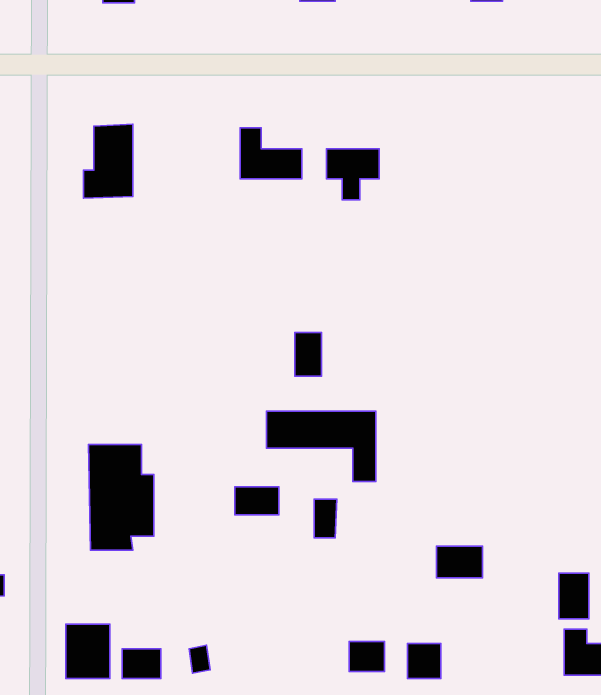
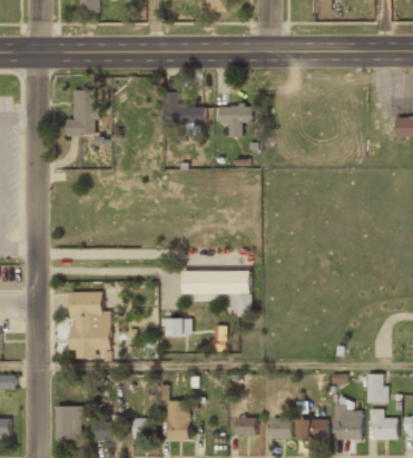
building: [295,332,322,376] -> none
building: [437,546,482,578] -> [298,419,327,439]
building: none -> [167,400,189,440]
building: none -> [333,407,361,439]

